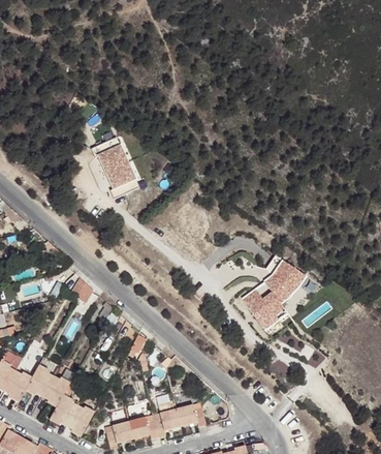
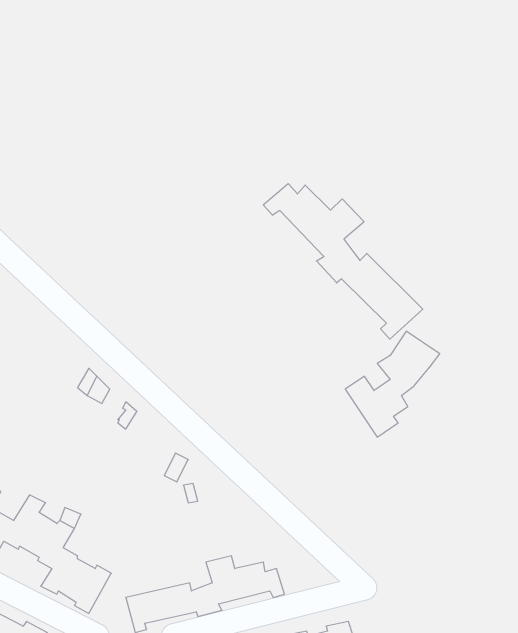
building: [91,137,139,199] -> none
building: none -> [263,184,423,339]

